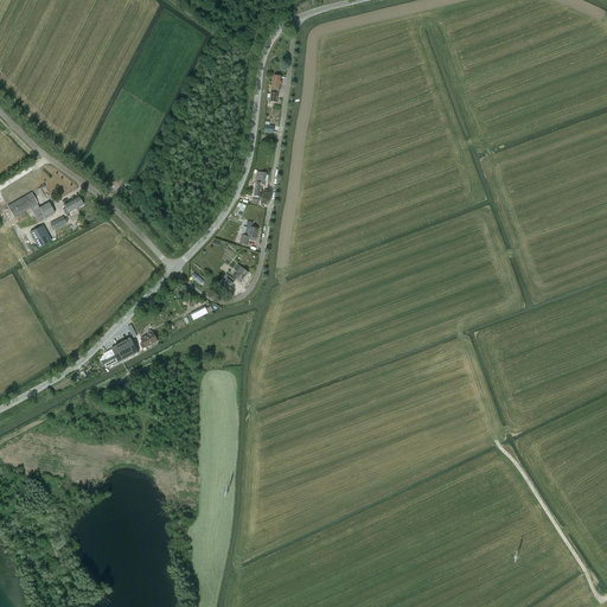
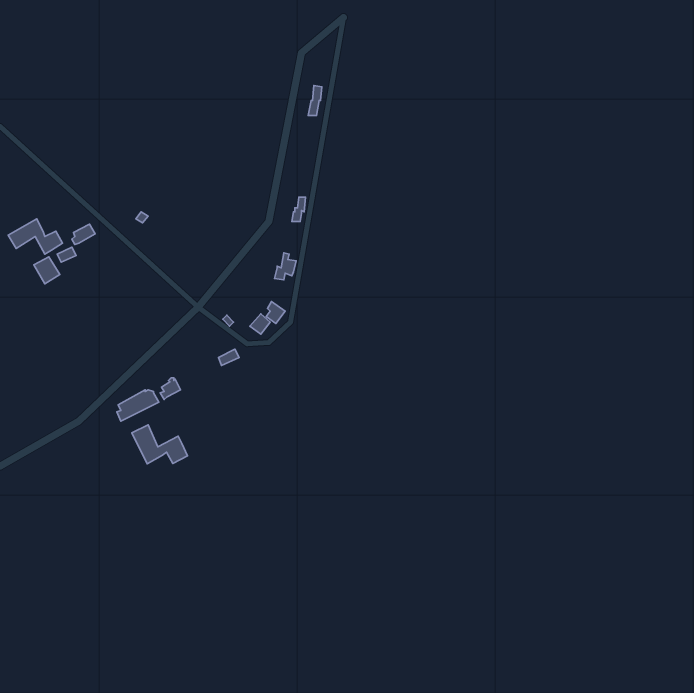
building: none -> [132,425,187,464]

